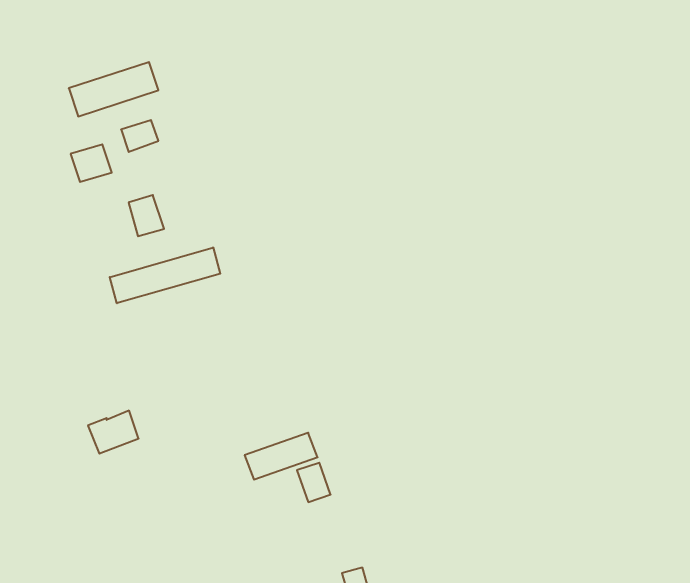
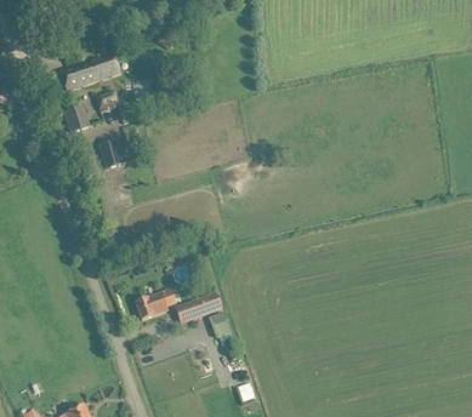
building: [110,247,220,303] -> none
building: [88,411,139,454] -> [135,291,167,319]

